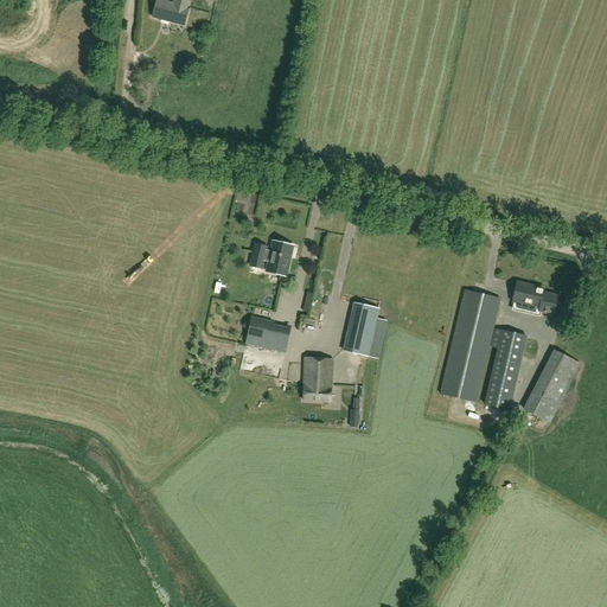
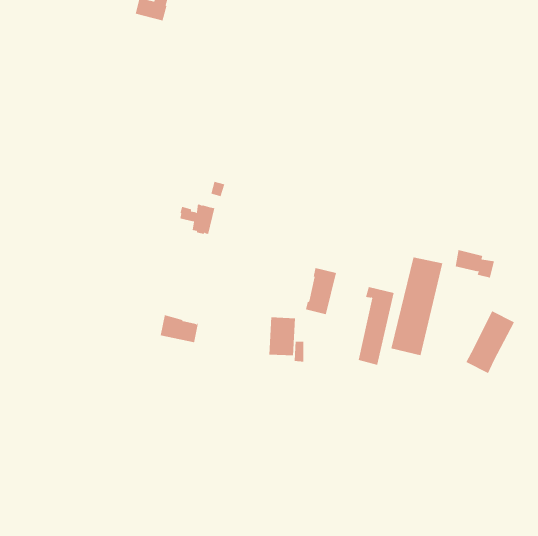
building: [253,239,293,274] -> [179,204,215,234]
building: [247,317,290,349] -> [160,314,199,343]
building: [485,320,526,409] -> [358,287,395,365]

